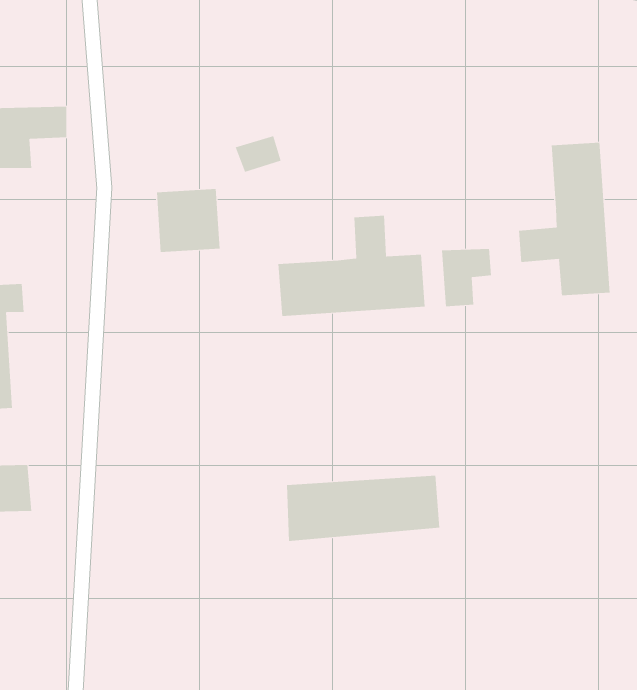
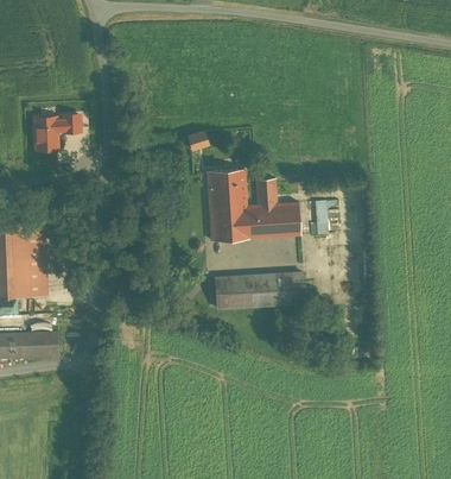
building: [518,142,610,296] -> none
building: [156,188,220,253] -> [208,169,247,208]
building: [286,475,440,541] -> [212,271,306,311]

